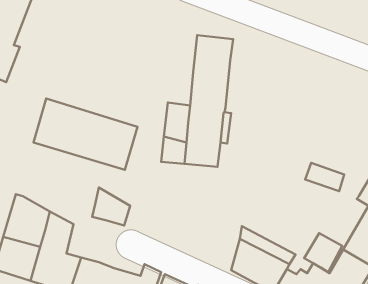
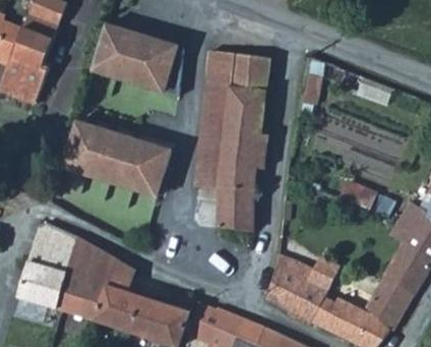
building: none -> [90,22,182,94]
building: none -> [201,50,232,126]
building: none -> [218,187,253,230]
building: [92,187,130,225] -> [96,250,135,290]
building: [304,233,342,272] -> none

